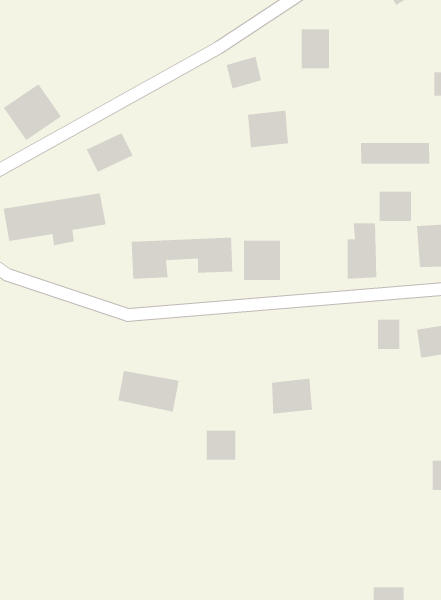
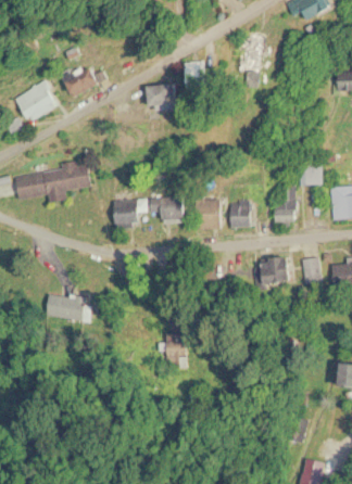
building: [247,110,289,148] -> [148,84,179,112]
building: [86,132,133,173] -> [66,65,102,95]
building: [361,142,430,165] -> none
building: none -> [228,201,253,227]
building: [117,370,179,412] -> [40,292,87,323]
building: [271,378,313,414] -> [260,257,291,284]

